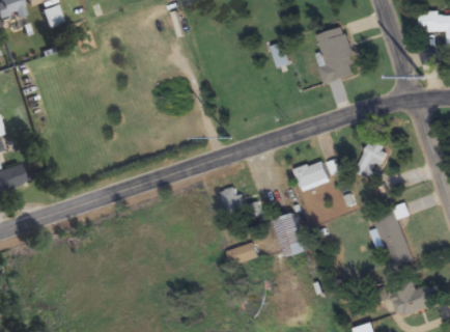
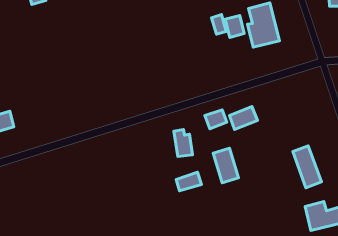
building: none -> [225,15,244,38]
building: [360,140,389,176] -> none
building: none -> [205,110,227,129]

